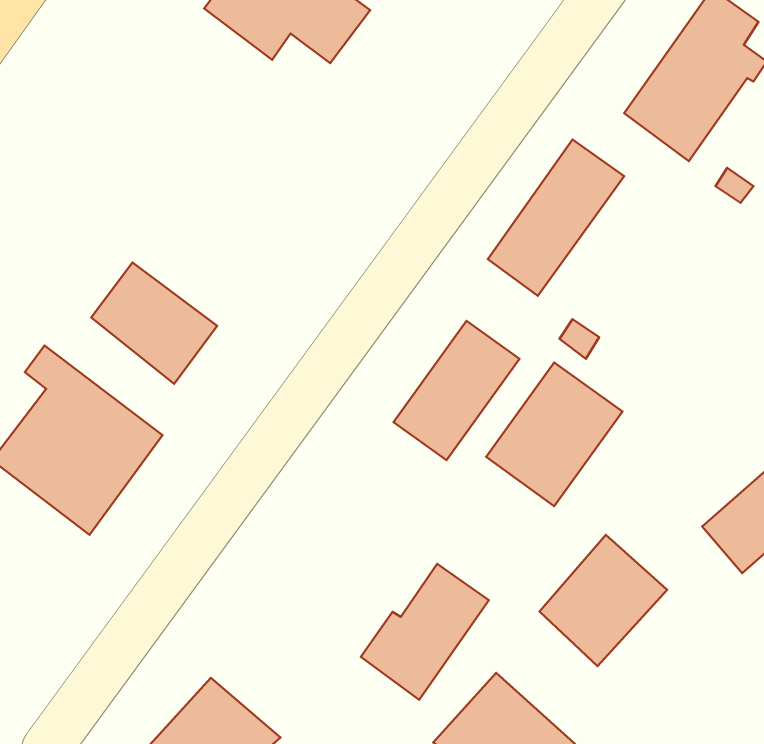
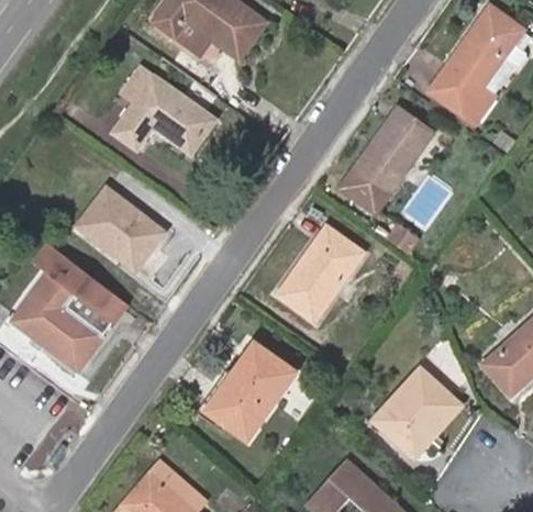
building: none -> [113,69,212,153]
building: [486,362,622,506] -> none
building: [361,564,489,700] -> [208,348,292,438]

